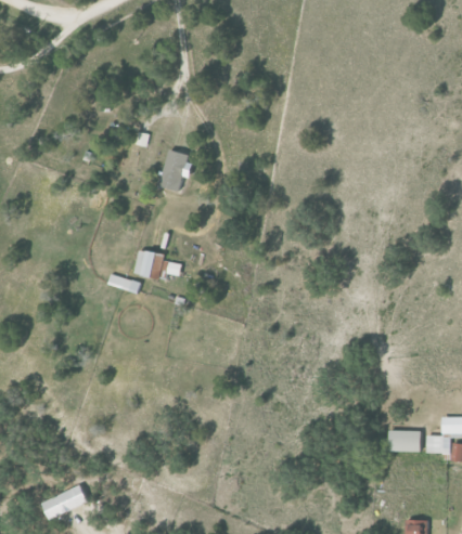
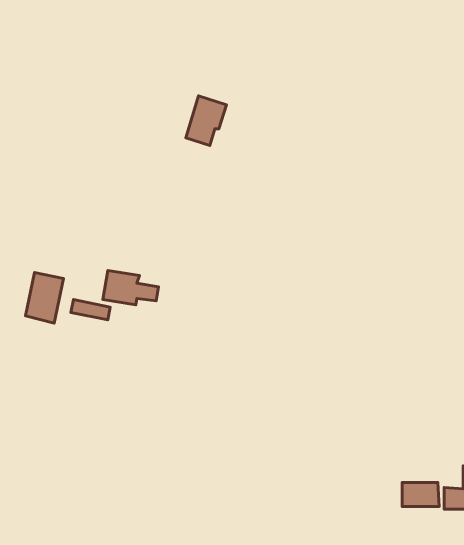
building: [158,149,193,192] -> [186,96,226,145]
building: none -> [25,273,64,323]

